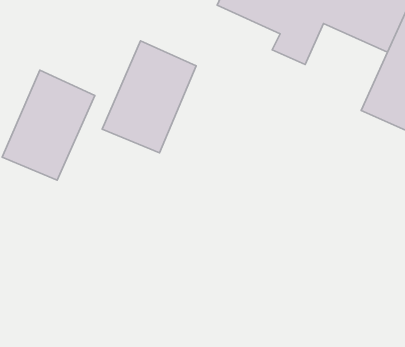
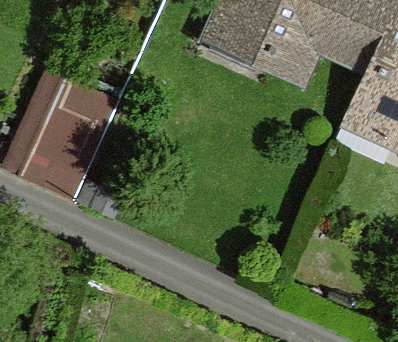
building: [102,41,196,153] -> none

